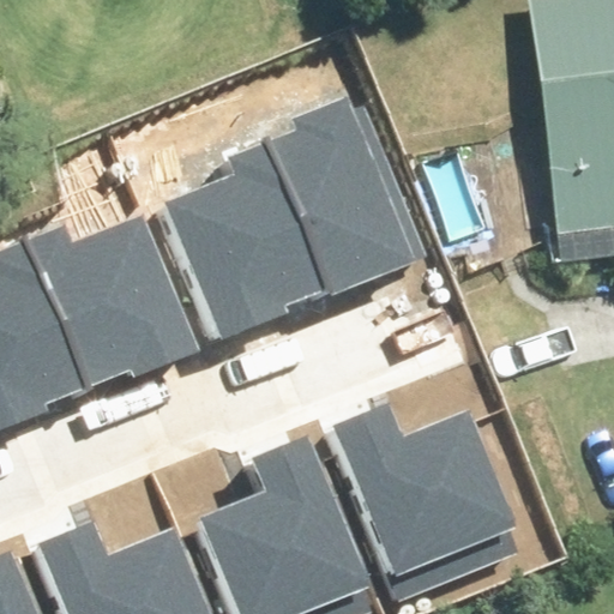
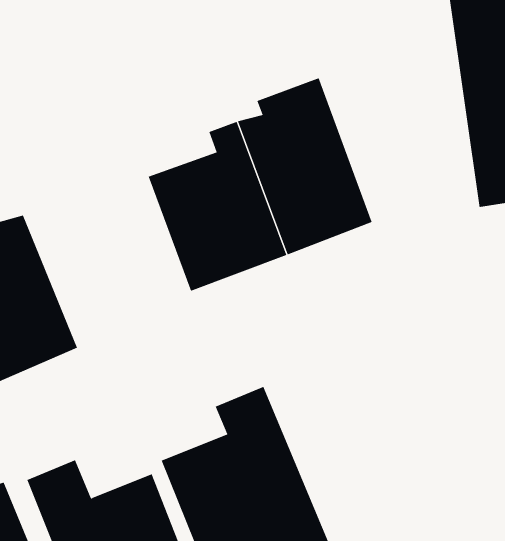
building: [30,216,198,395] -> none
building: [345,413,520,592] -> none

